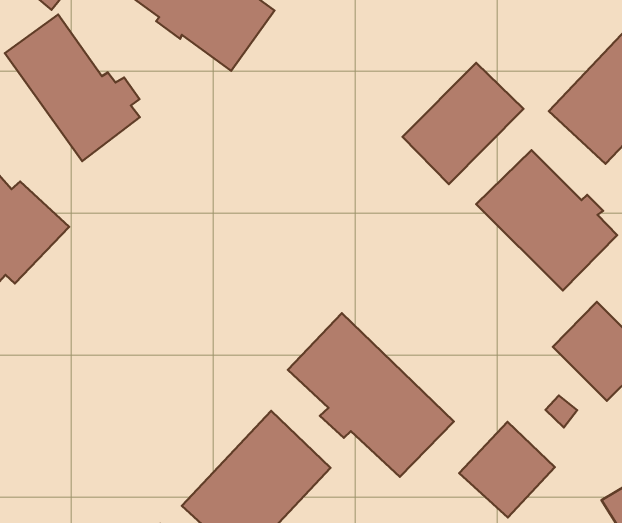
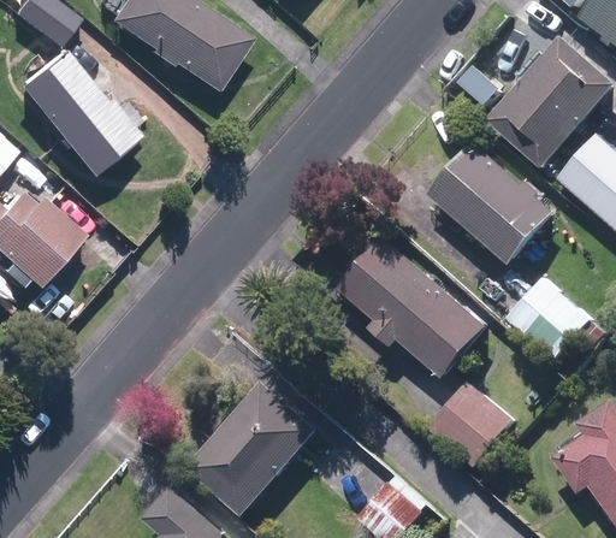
building: [402,63,524,184] -> none
building: [288,313,454,477] -> [343,238,490,378]

